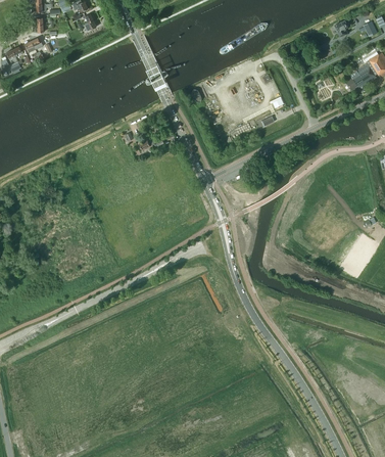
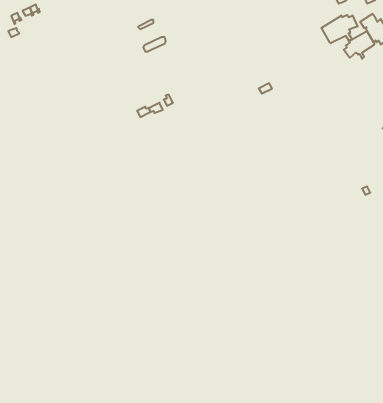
building: none -> [321,15,358,43]

